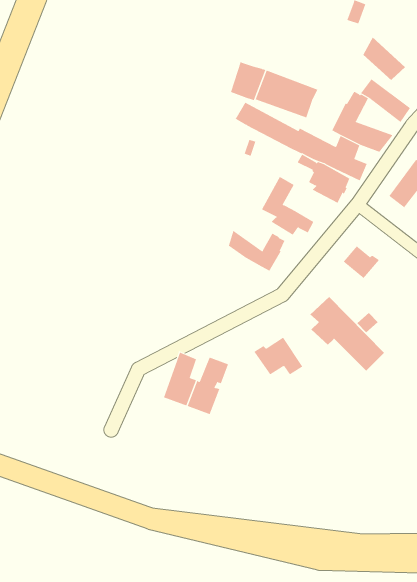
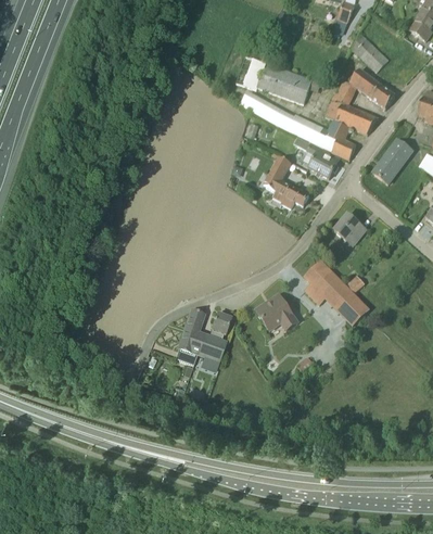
building: [228,230,285,271] -> none

